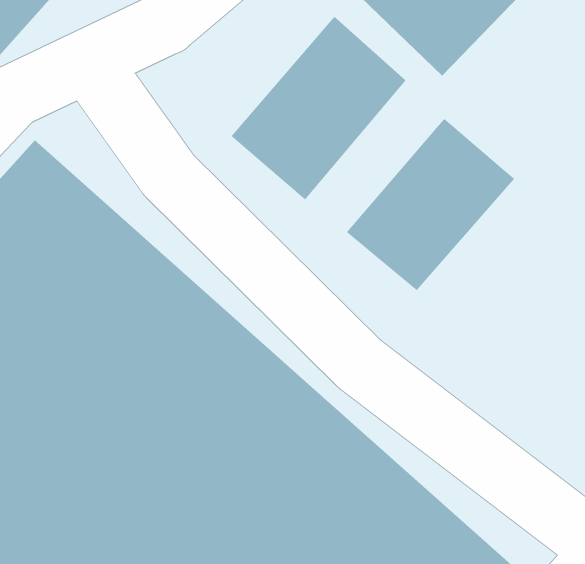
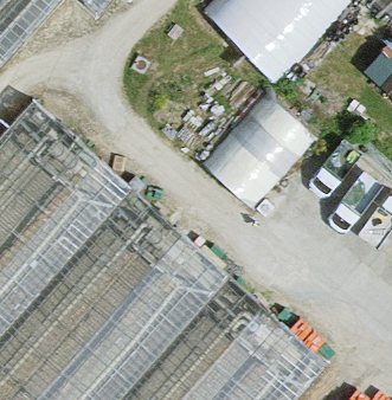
building: [231,16,407,200] -> none

